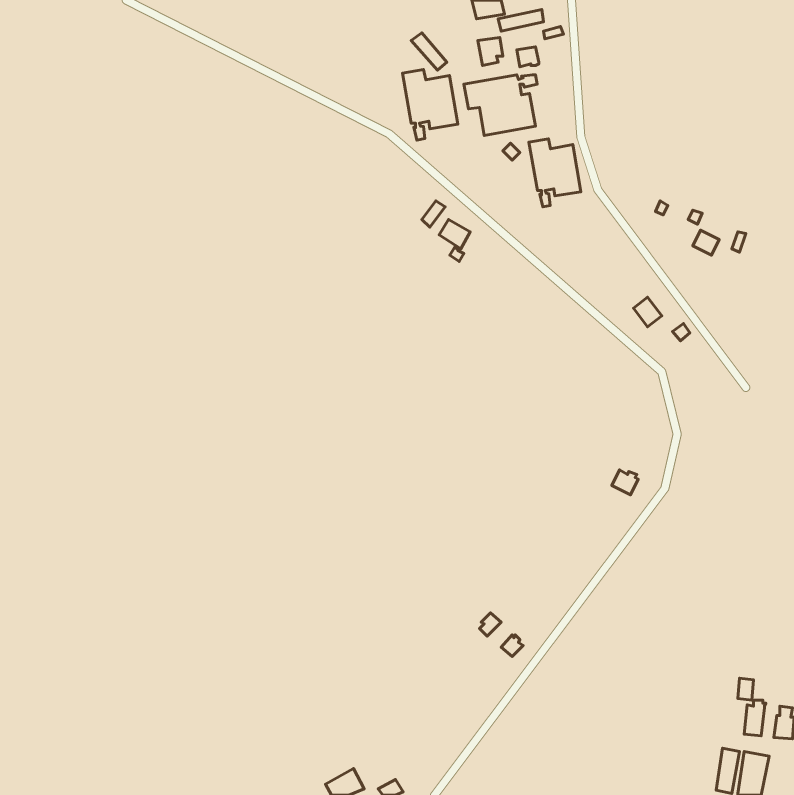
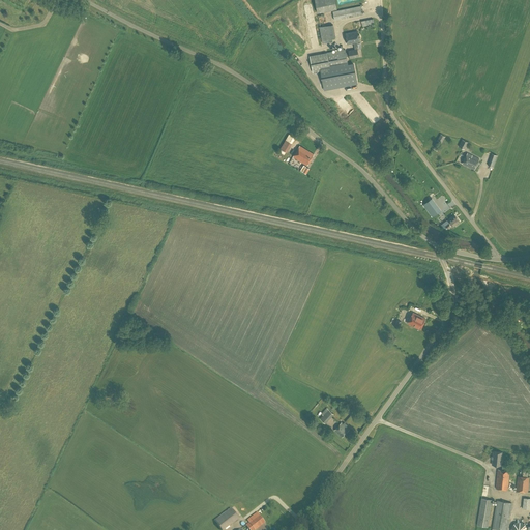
building: [402,70,458,140] -> none
building: [529,139,581,207] -> none

